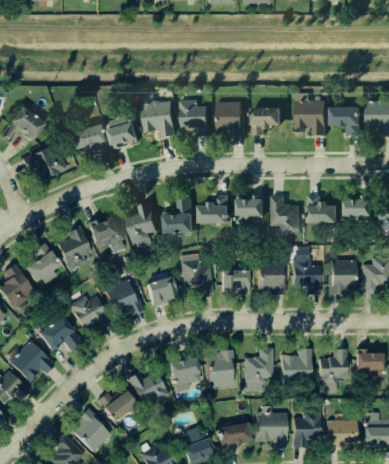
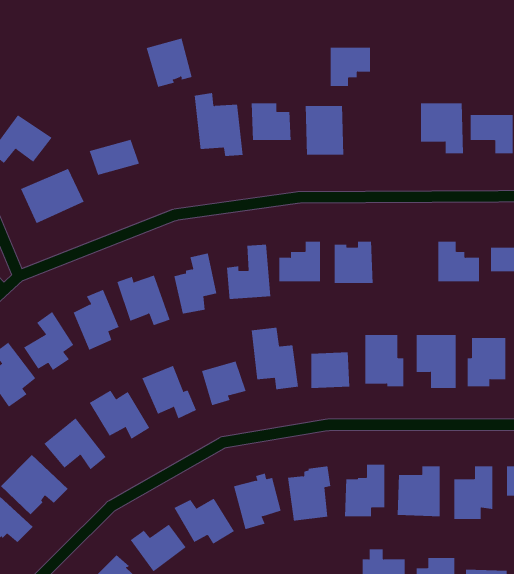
building: [252,107,280,134] -> [330,47,371,87]
building: [106,114,138,148] -> [146,38,192,87]
building: [272,194,299,237] -> none

